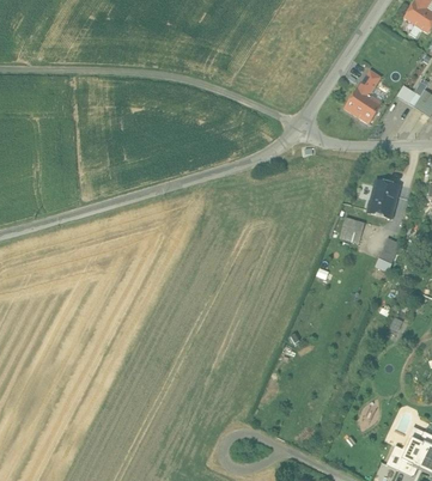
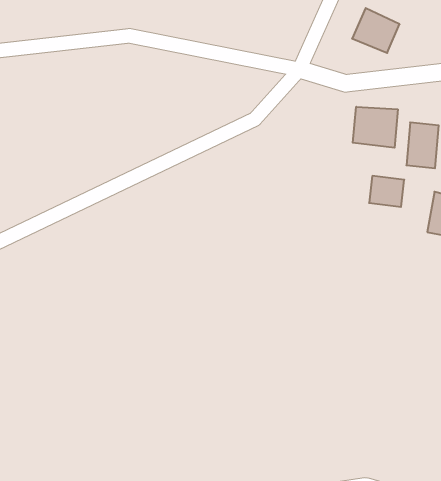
building: none -> [353,107,398,148]

